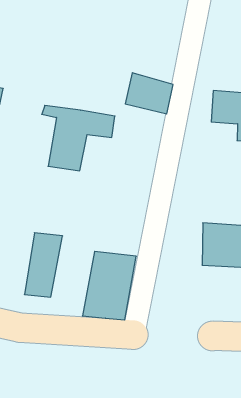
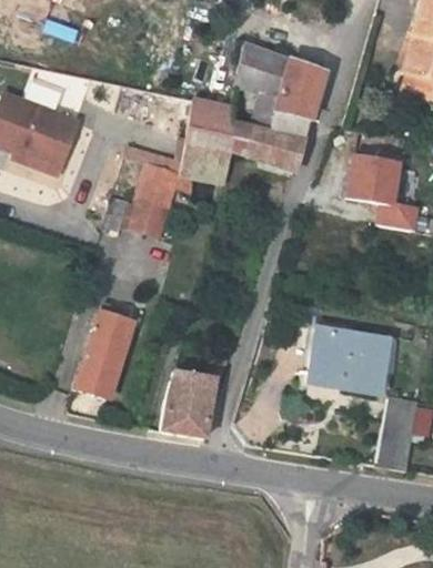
building: none -> [236,41,323,140]
building: none -> [177,93,251,172]

